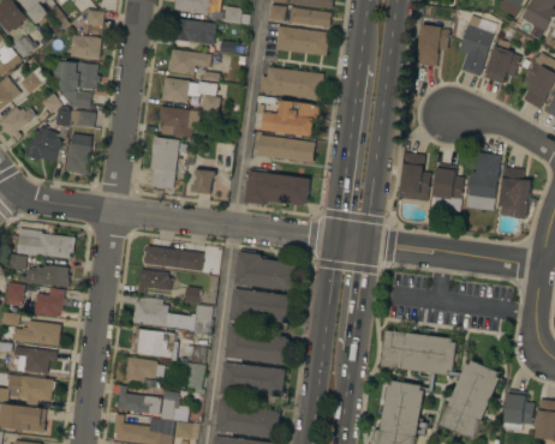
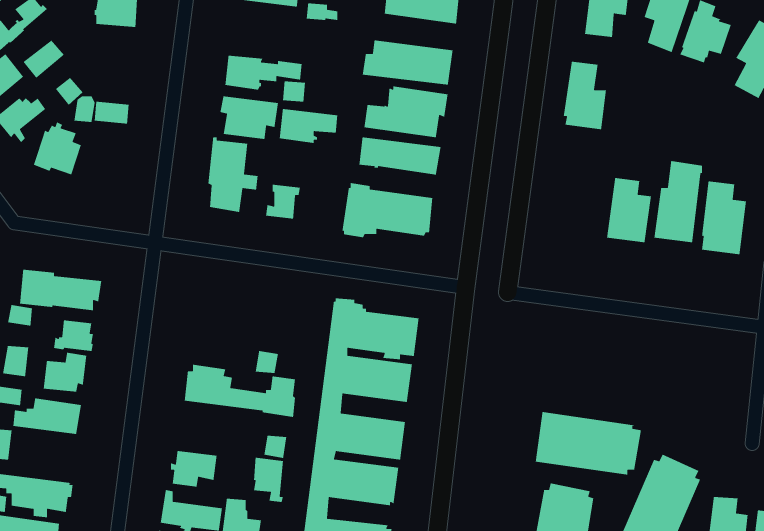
building: [169,49,211,74] -> [279,108,338,144]
building: [60,62,100,108] -> none
building: [66,138,91,174] -> none
building: [400,152,431,202] -> [563,61,607,130]
building: [144,246,203,271] -> none
building: [137,270,171,295] -> none
building: [131,329,178,358] -> none
building: [24,348,56,374] -> none

